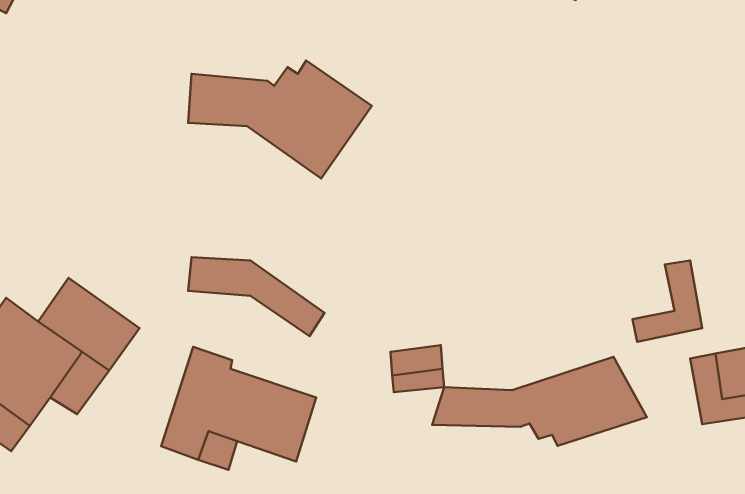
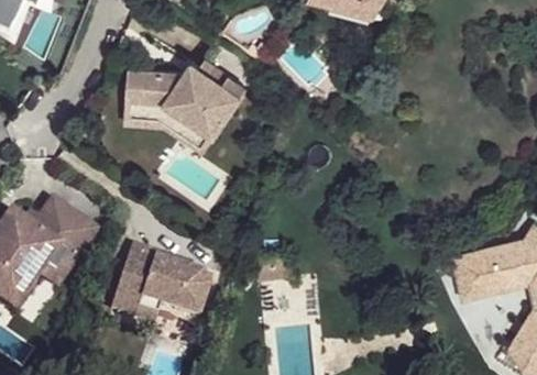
building: [188,257,325,336] -> [127,97,216,148]
building: [633,261,702,342] -> none
building: [432,357,647,446] -> none

